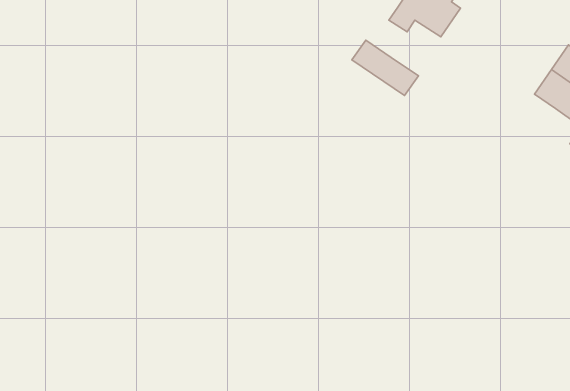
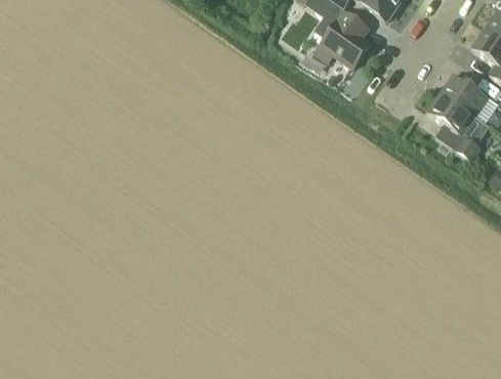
building: [352,40,418,96] -> none

